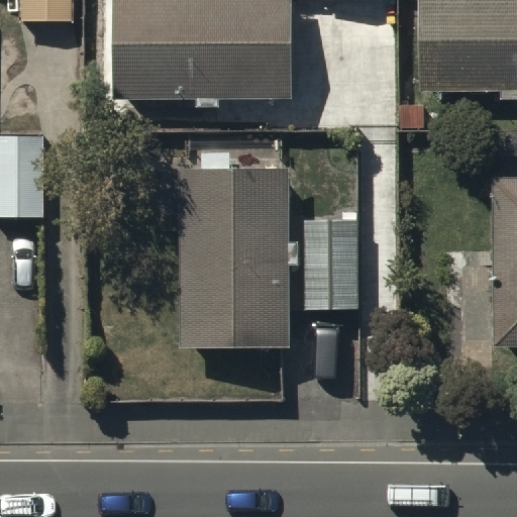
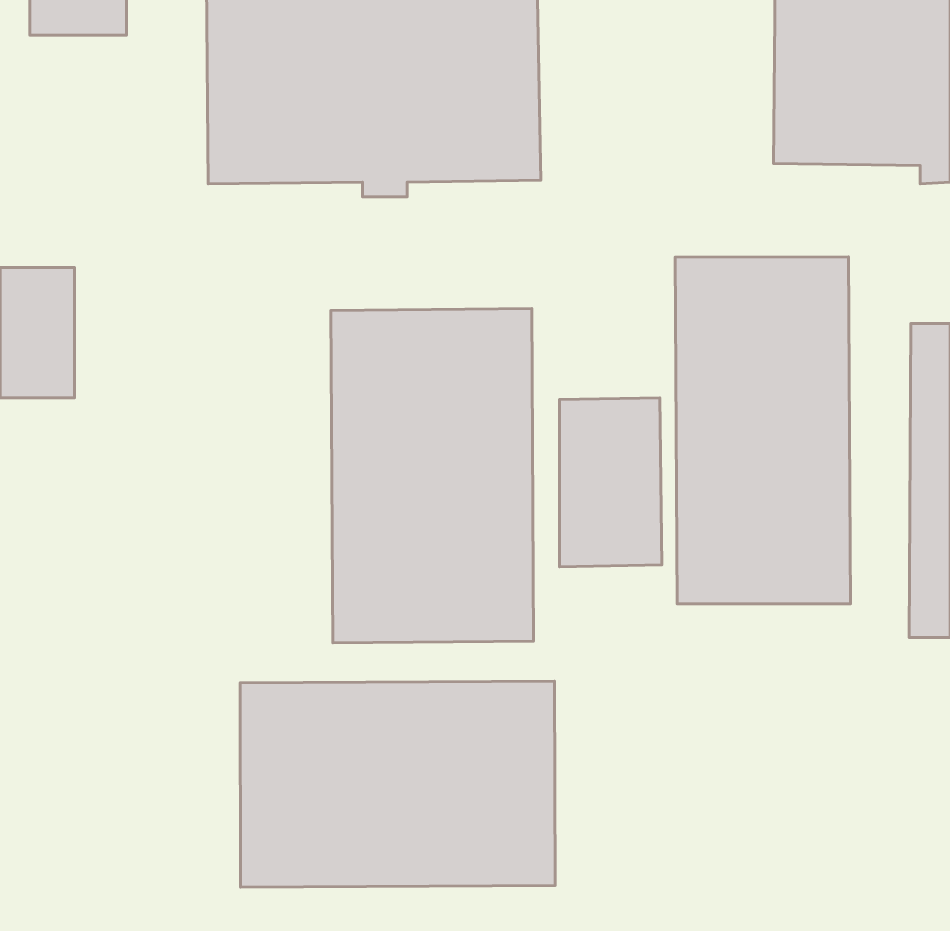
building: none -> [675,257,850,604]
building: none -> [240,681,555,887]

